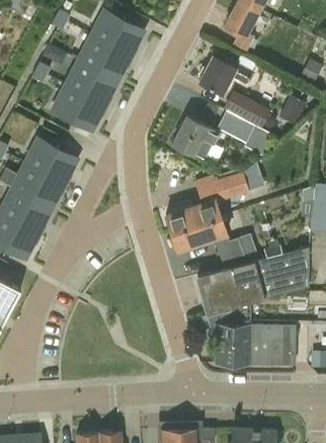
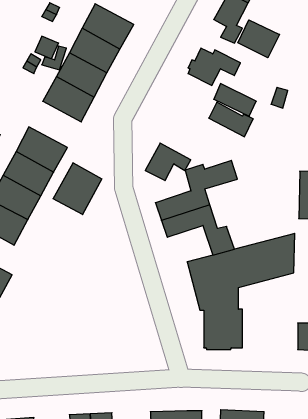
building: none -> [238,20,280,58]
building: [173,116,220,154] -> [145,143,191,181]
building: none -> [53,163,102,215]
building: [255,324,296,364] -> none

